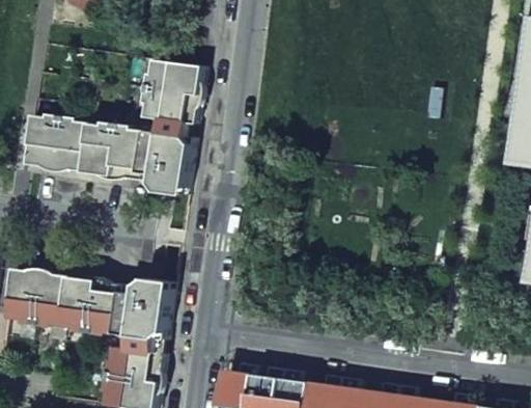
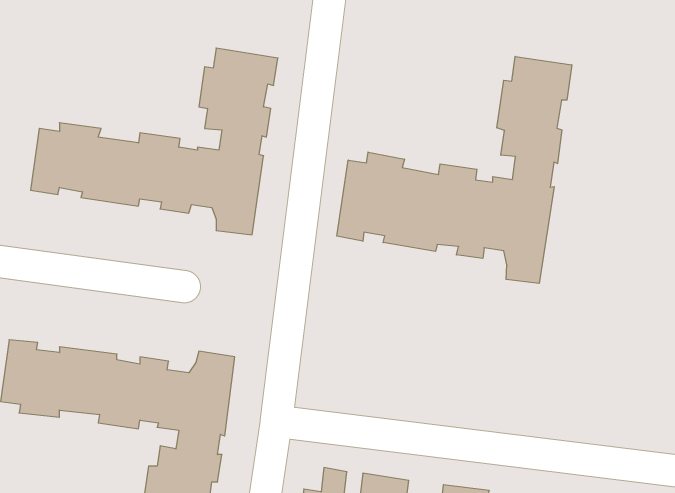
building: none -> [337,56,572,283]

